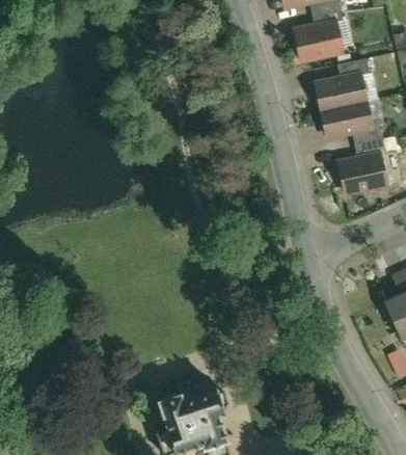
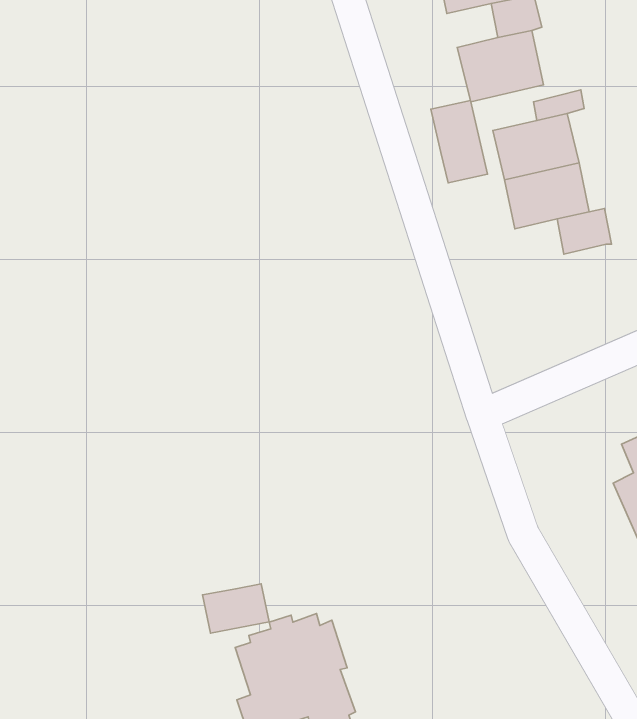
building: none -> [431,101,488,183]
building: [337,152,390,195] -> none
building: none -> [202,584,269,633]

